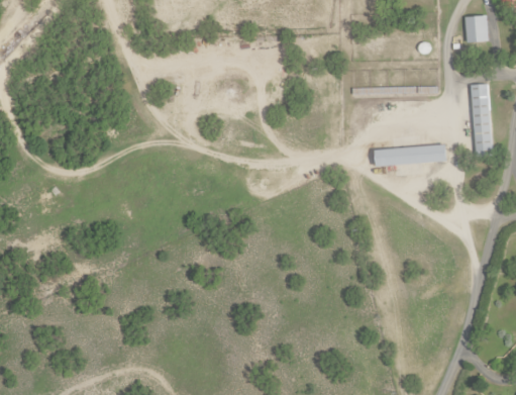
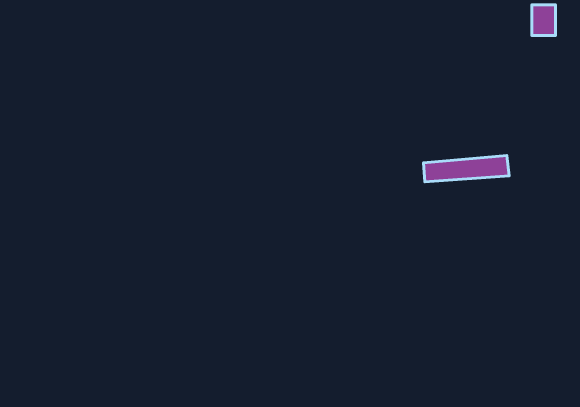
building: [472,84,490,153] -> none

